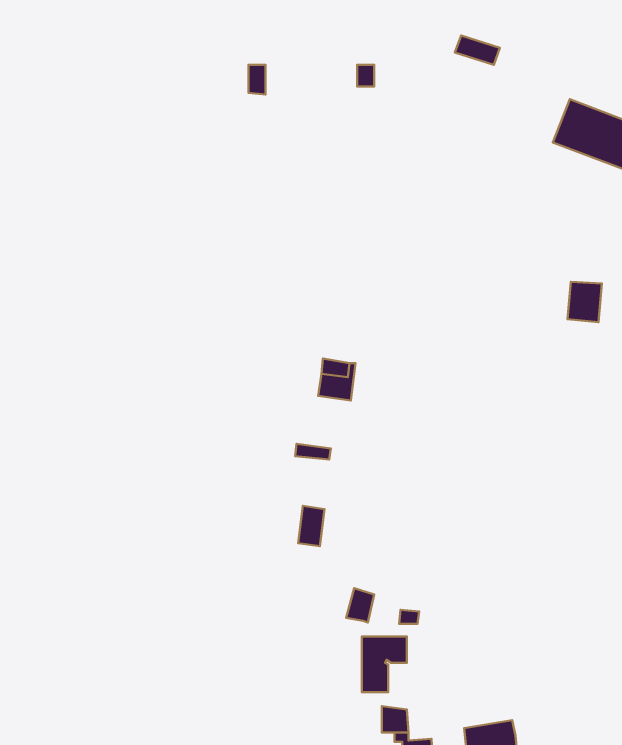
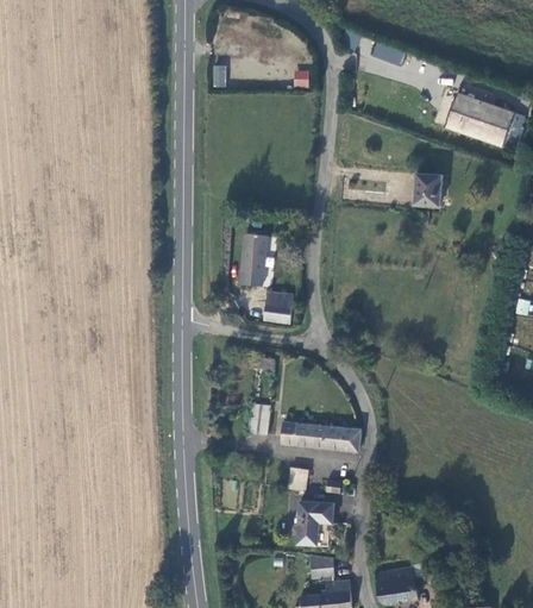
building: [568,282,602,322] -> [415,174,441,205]
building: none -> [243,232,270,284]
building: none -> [282,421,362,453]

